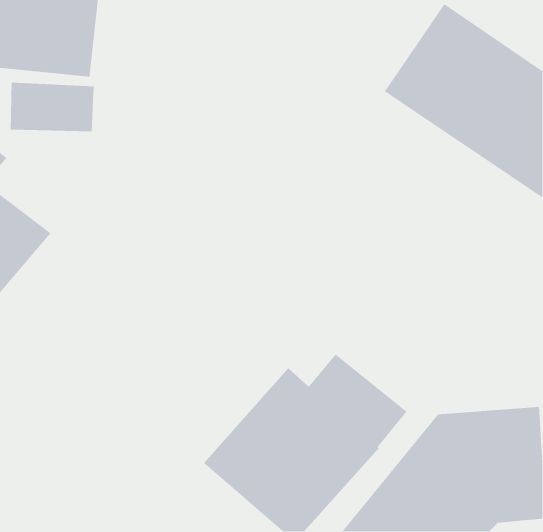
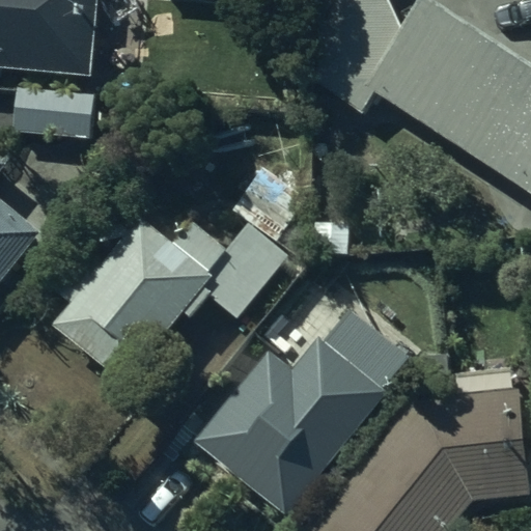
building: none -> [50,219,299,383]

